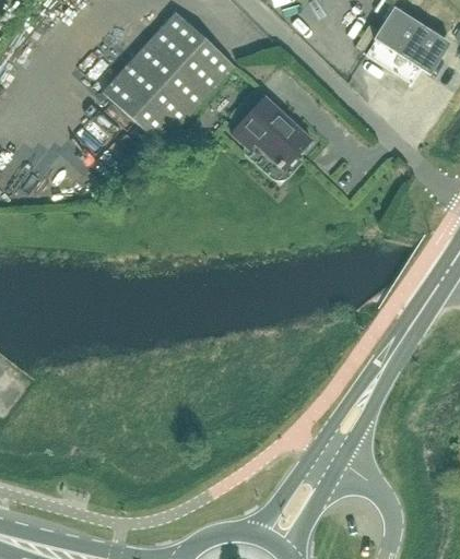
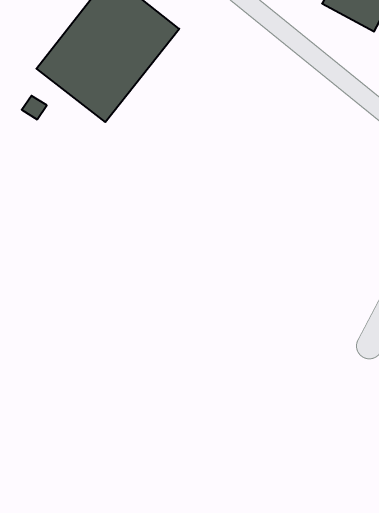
building: [233,96,311,169] -> none

